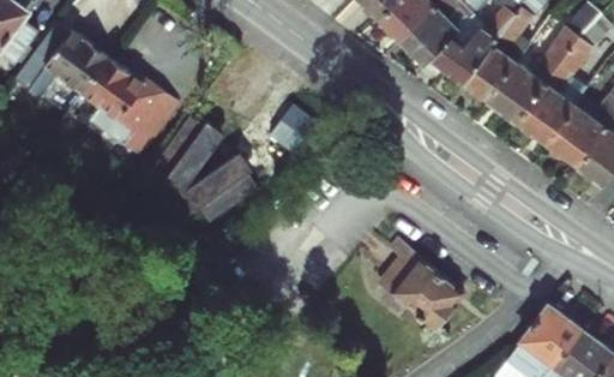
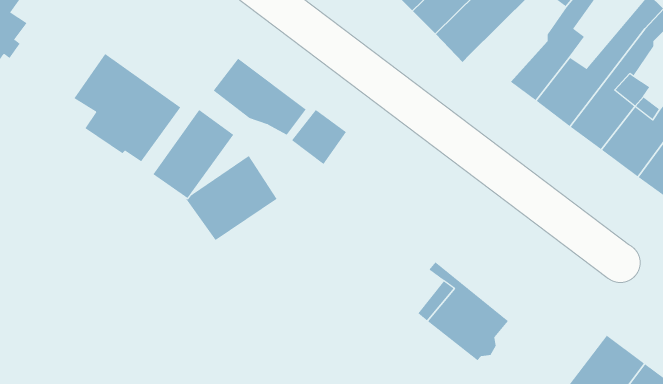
building: [429,28,496,83] -> none
building: [22,31,107,100] -> none
building: none -> [213,58,306,136]

